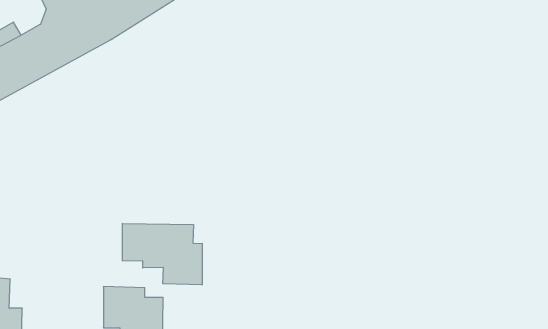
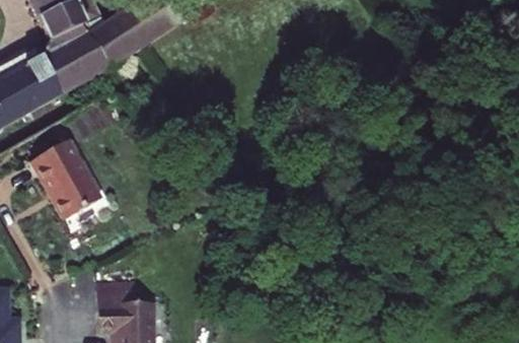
building: none -> [33,141,101,218]
building: [122,223,202,285] -> none

